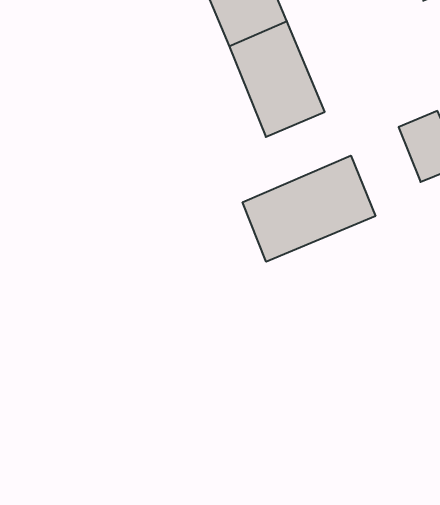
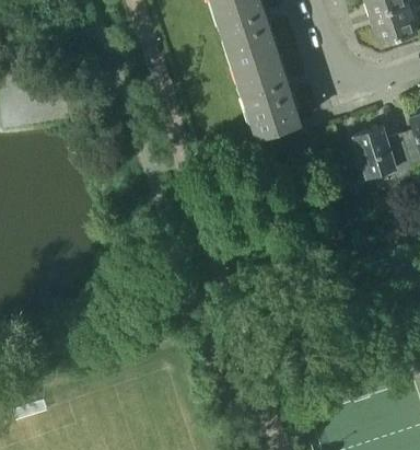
building: [243,156,375,262] -> none

